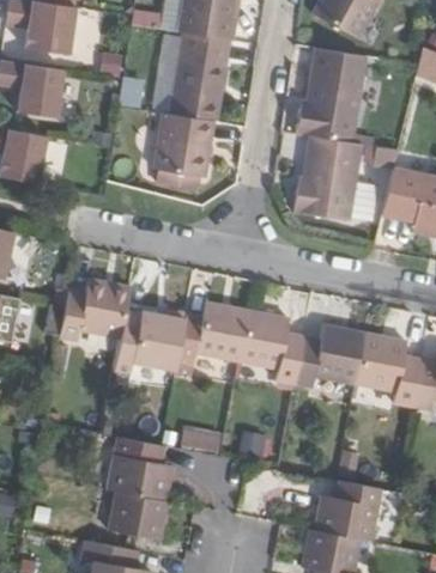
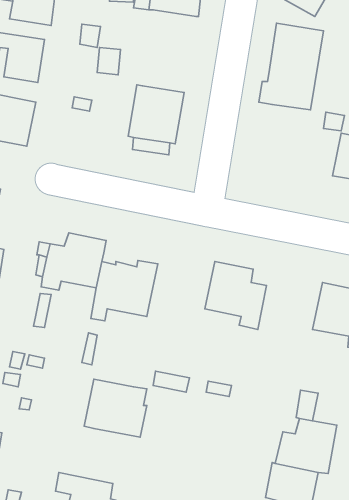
building: [169,36,228,126] -> none
building: [293,139,361,224] -> none
building: [176,301,248,362] -> none
building: [295,324,365,388] -> none
building: [108,492,166,538] -> none

